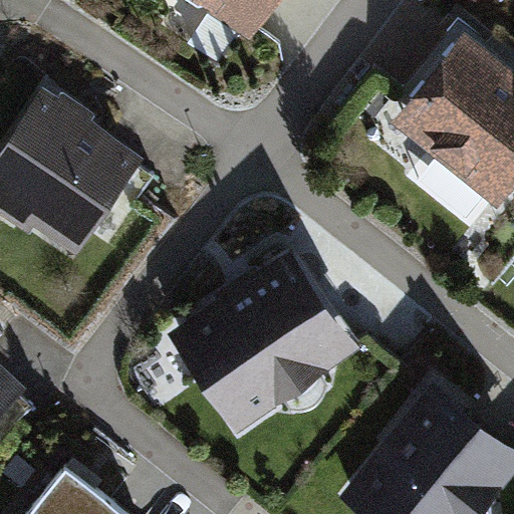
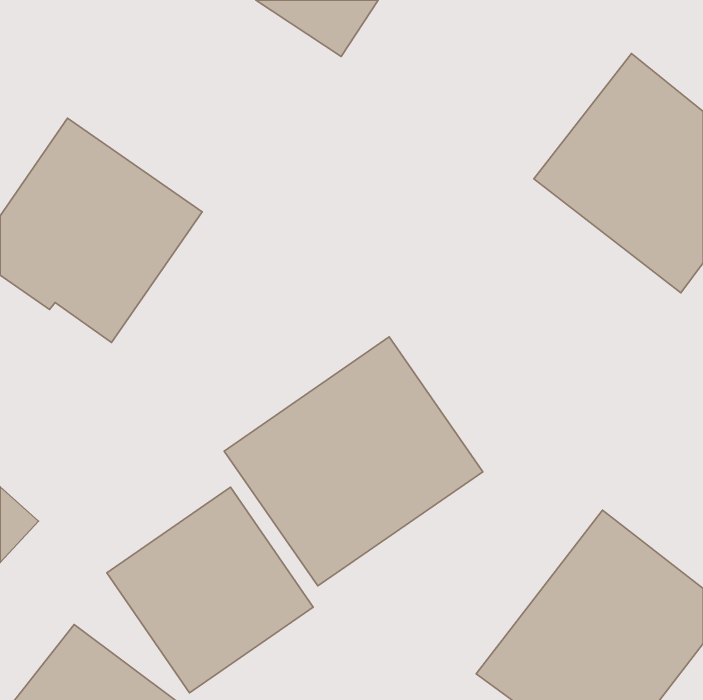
building: none -> [107,487,313,693]

